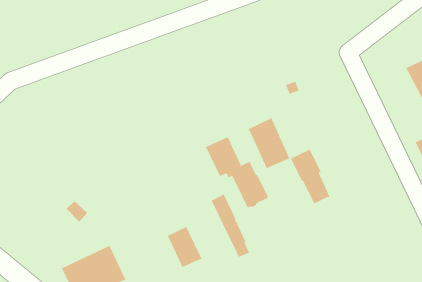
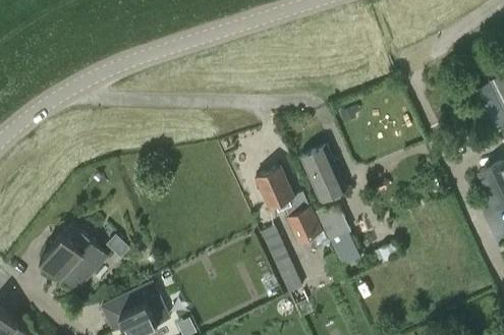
building: [290,149,330,204] -> [317,207,359,266]
building: none -> [40,223,108,290]
building: [167,226,202,268] -> none

